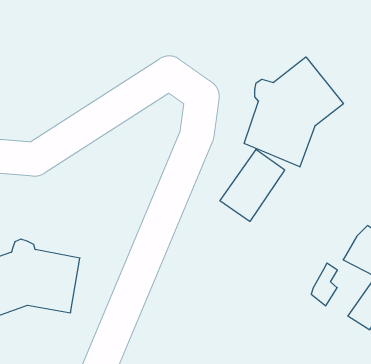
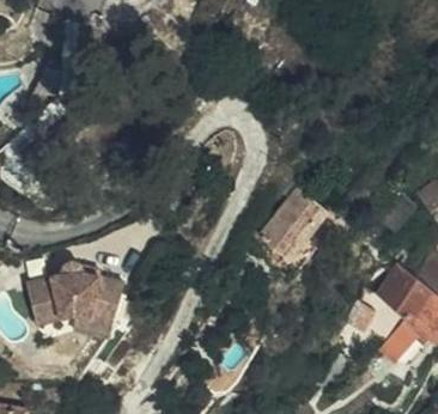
building: [244,57,343,167] -> none

